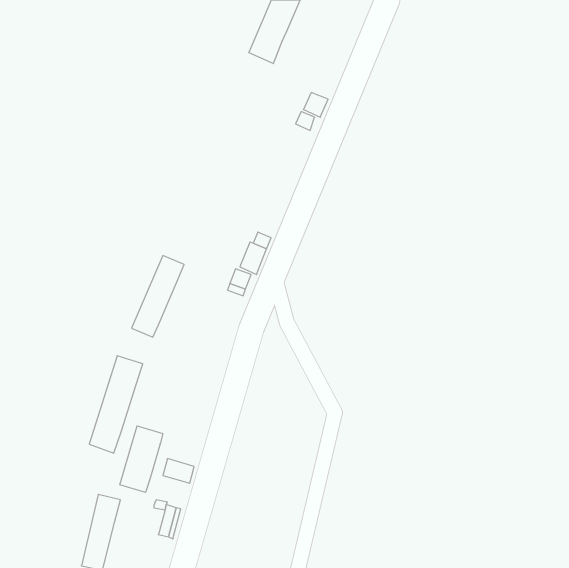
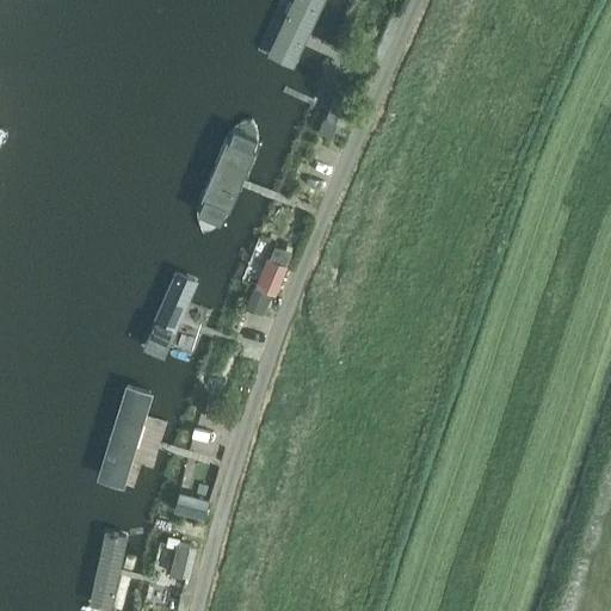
building: none -> [196,123,259,234]
building: [120,426,163,492] -> none

